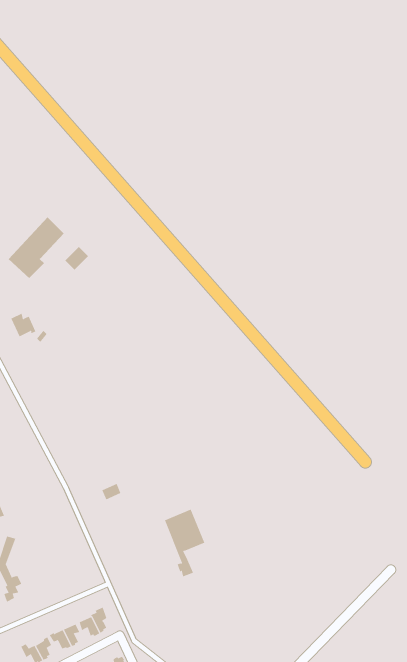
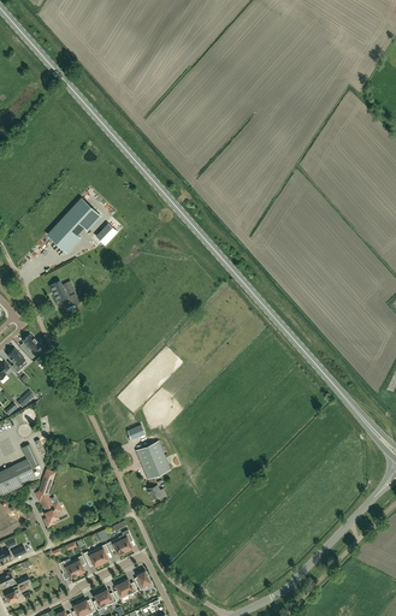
building: [164,509,205,577] -> [136,442,171,499]

